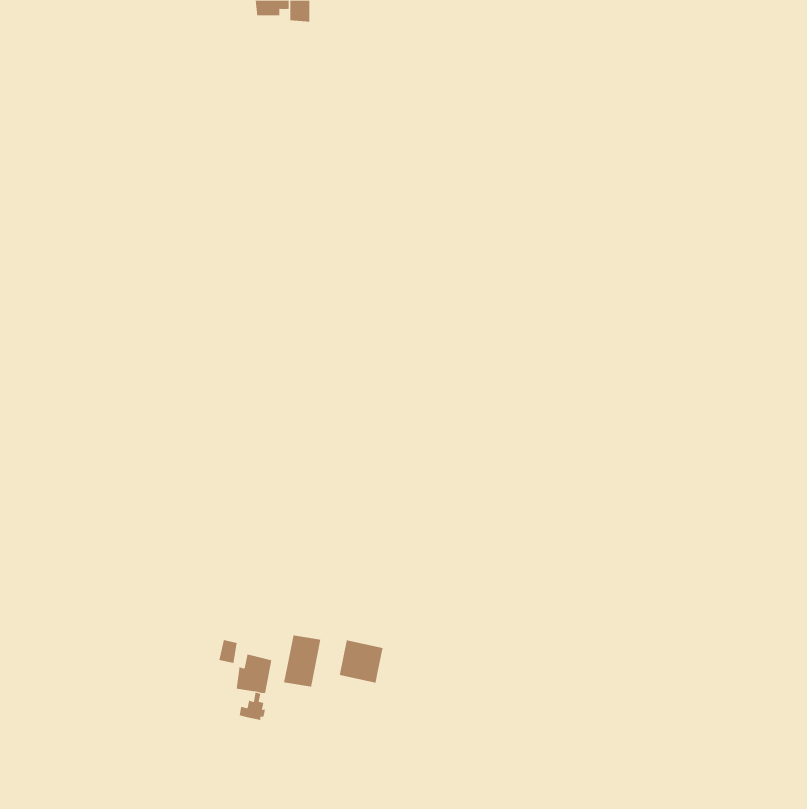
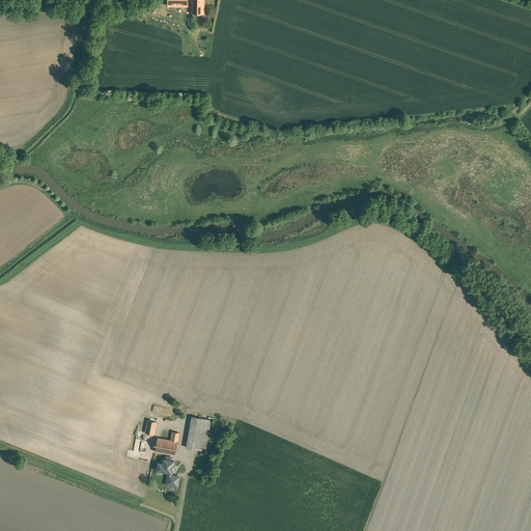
building: [339,640,383,684] -> none

